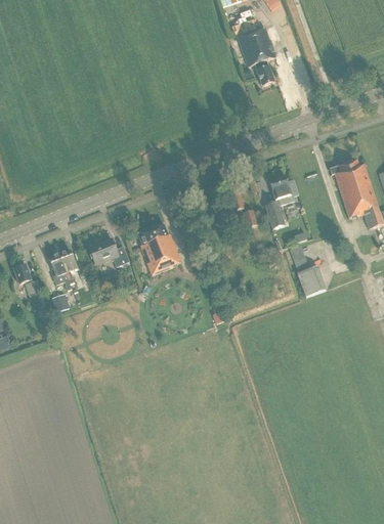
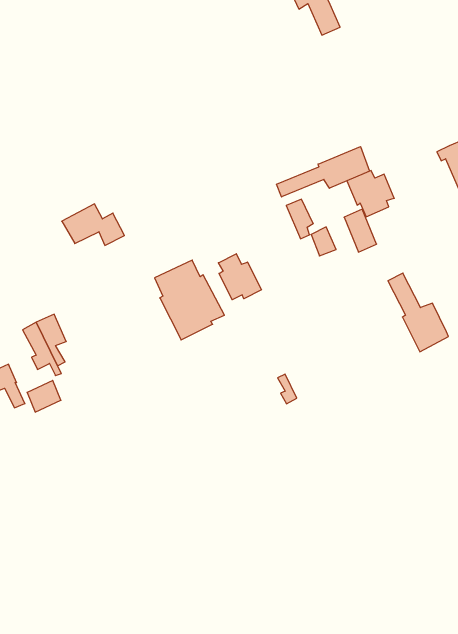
building: none -> [276,147,369,197]
building: none -> [218,254,261,300]
building: [89,238,129,266] -> [62,204,124,245]

